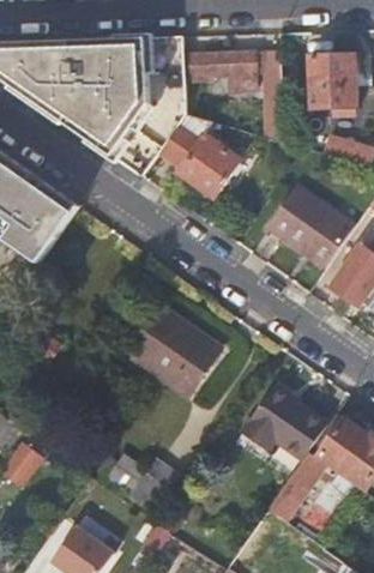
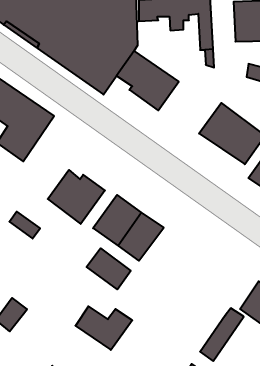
building: none -> [48,170,105,224]
building: none -> [87,248,131,289]
building: [239,386,325,463] -> none

